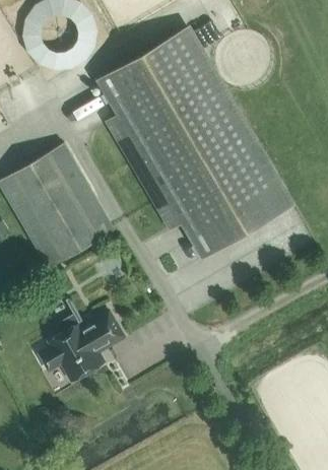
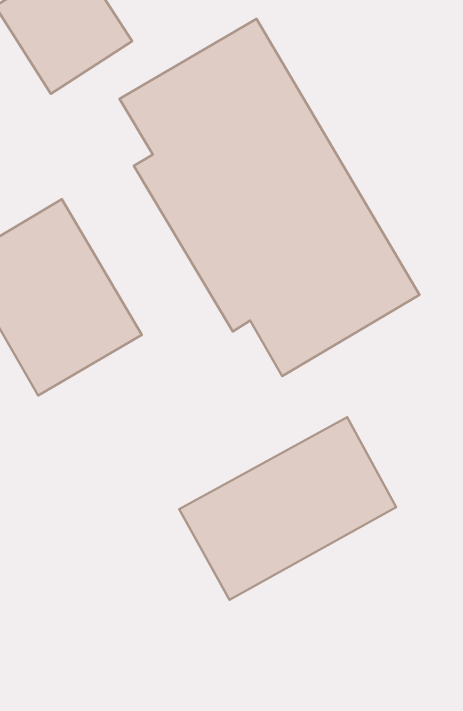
building: none -> [179,417,396,600]
building: [41,312,125,381] -> none

